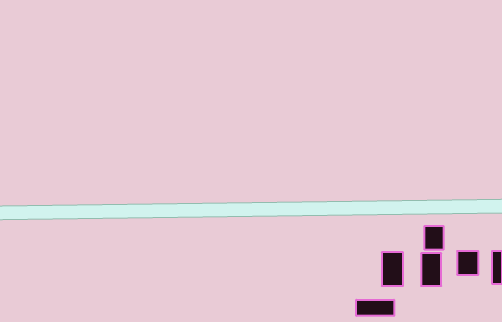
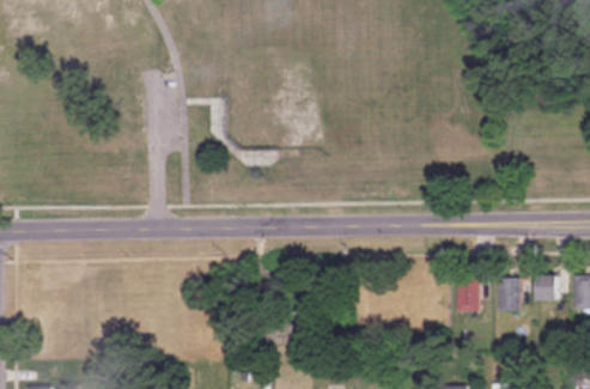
building: [425,226,443,250] -> none
building: [356,300,394,316] -> none

